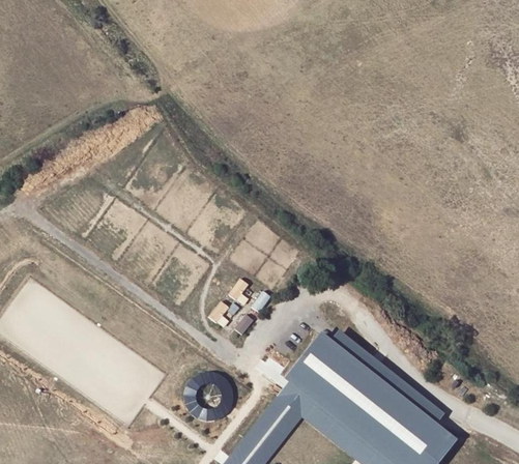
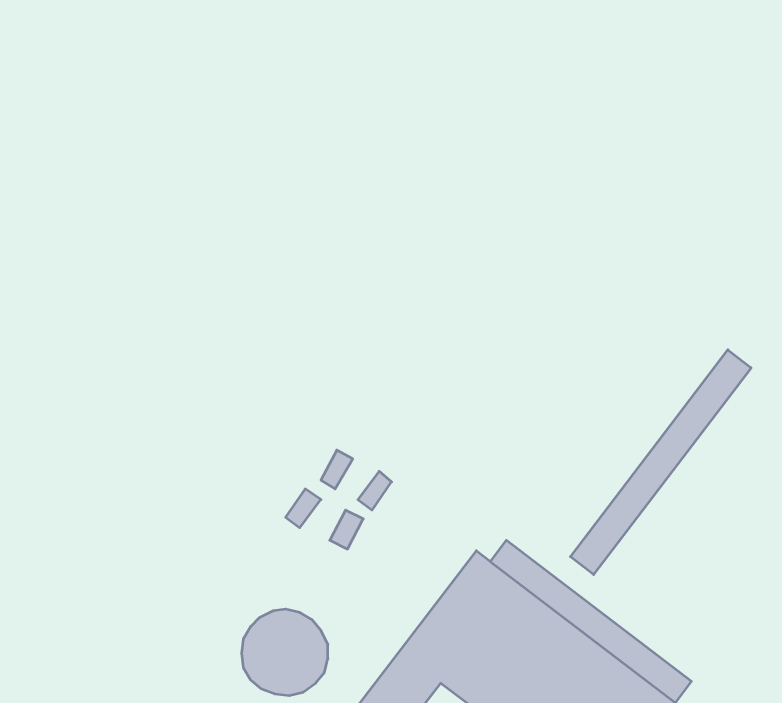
building: none -> [570,350,751,575]

